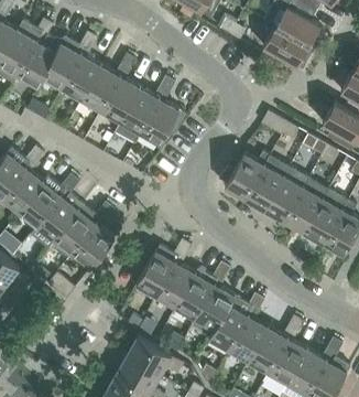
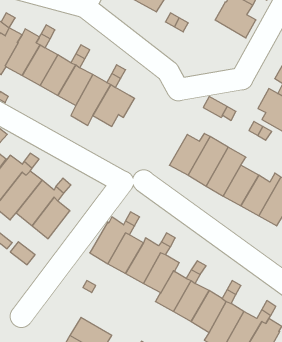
building: [263,26,309,67] -> none
building: [127,336,172,376] -> none

